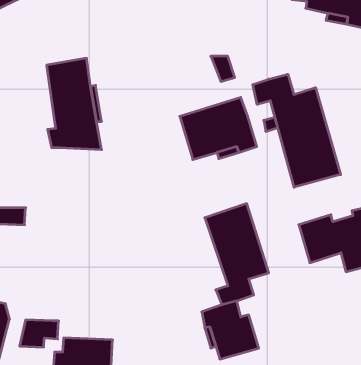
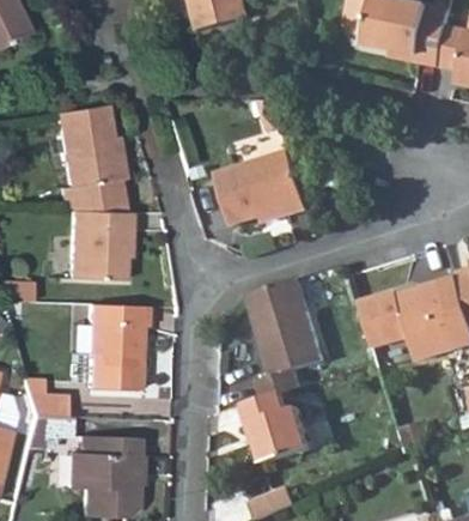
building: [253,74,341,187] -> none
building: none -> [69,210,130,281]
building: none -> [85,303,146,389]
building: none -> [22,375,67,417]

